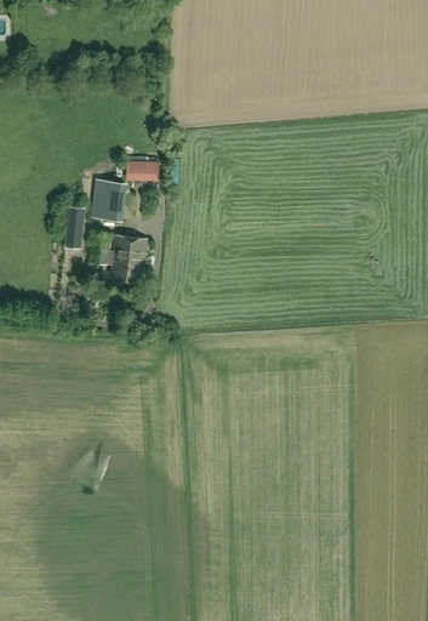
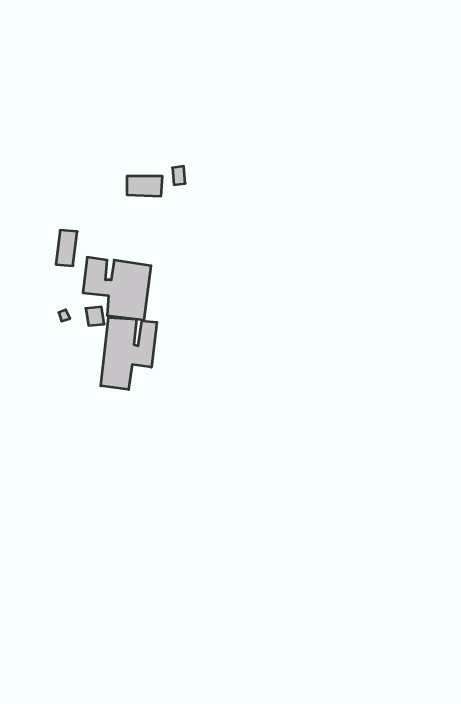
building: [92,181,124,221] -> none
building: none -> [101,317,157,390]

